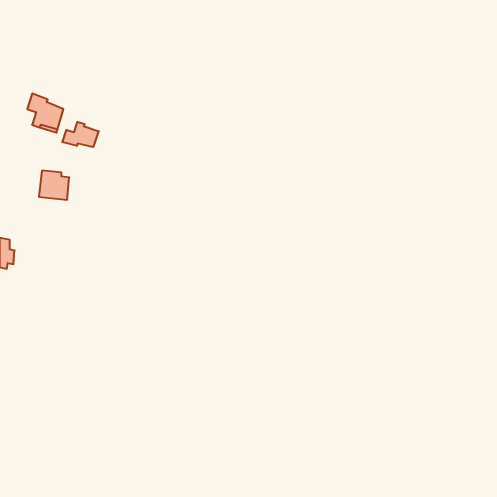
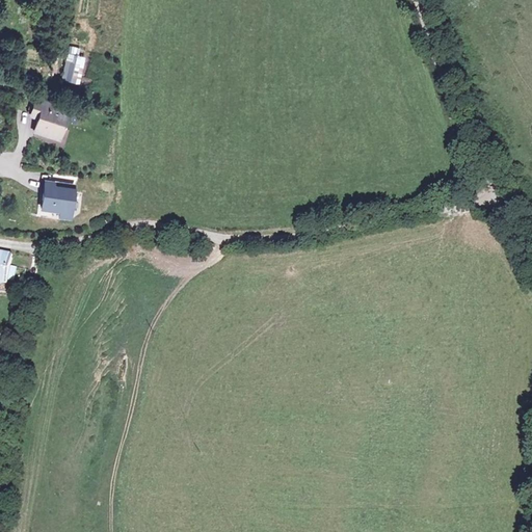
building: none -> [61,51,84,84]
building: [62,122,99,147] -> none

